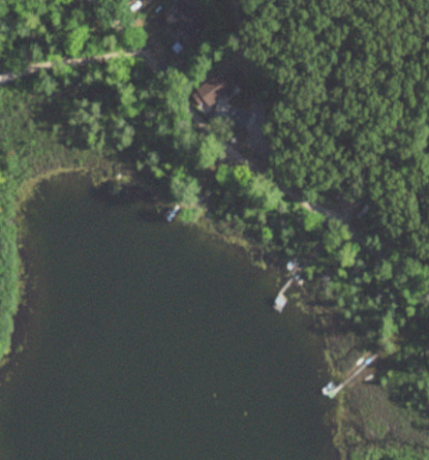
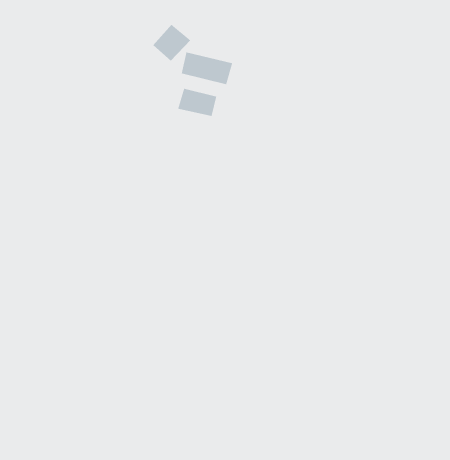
building: none -> [177,88,217,117]

